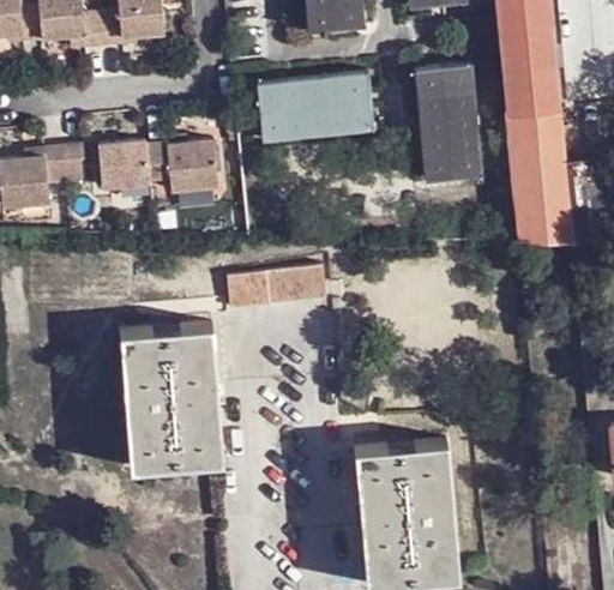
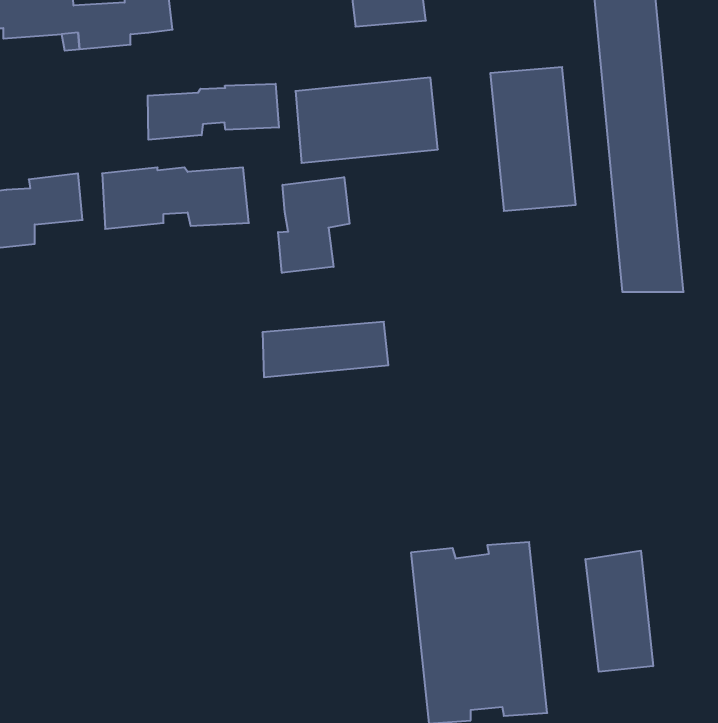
building: none -> [148,84,279,140]
building: none -> [278,177,350,273]
building: [119,326,222,469] -> none
building: none -> [585,551,653,672]

